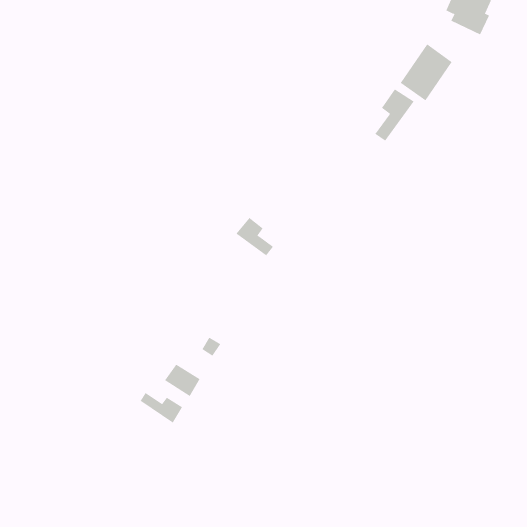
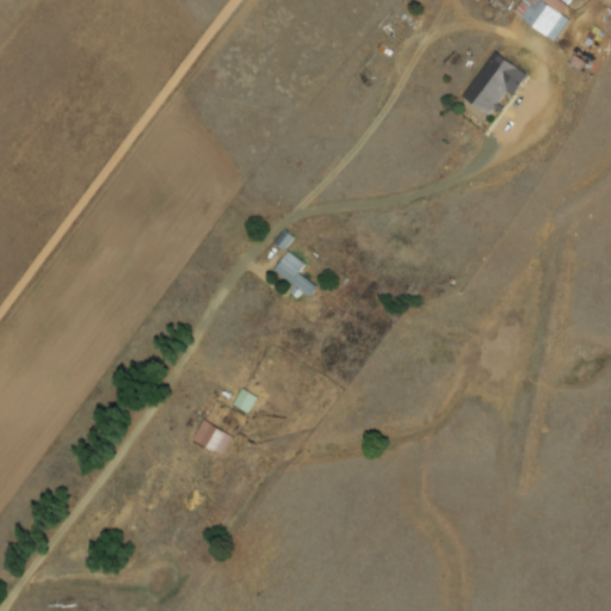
building: [374,88,414,142] -> none
building: [140,392,183,423] -> none

